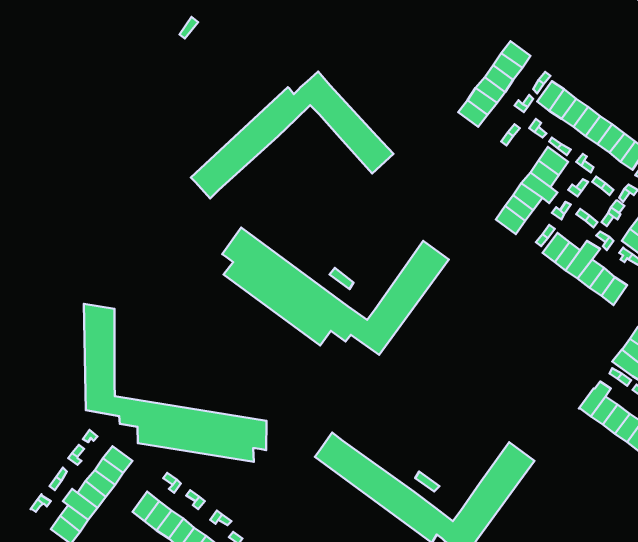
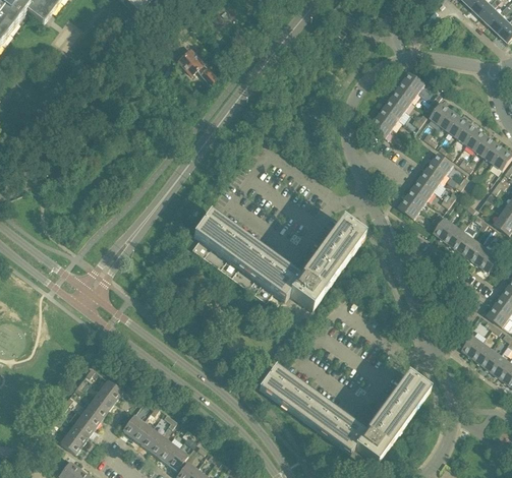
building: none -> [178,49,216,82]
building: [191,71,393,198] -> none
building: [84,304,266,462] -> none

